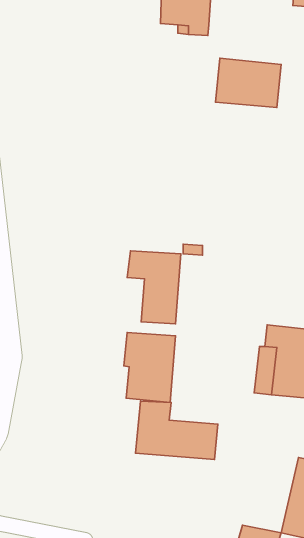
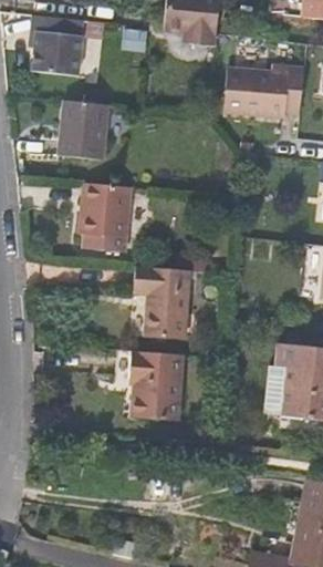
building: none -> [31,16,81,74]
building: none -> [61,101,111,161]
building: none -> [80,184,132,252]
building: [136,401,218,459] -> none

